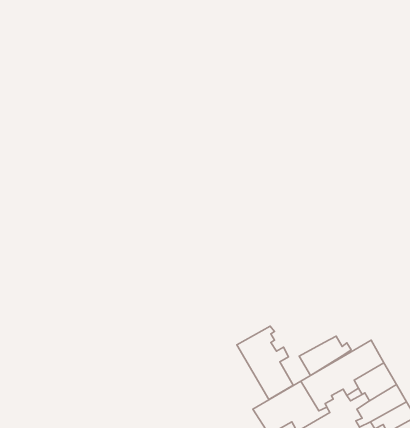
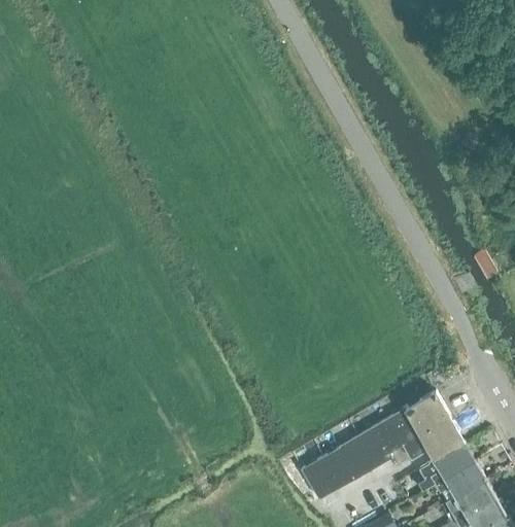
building: [237,326,293,400] -> none
building: [299,336,351,375] -> none

